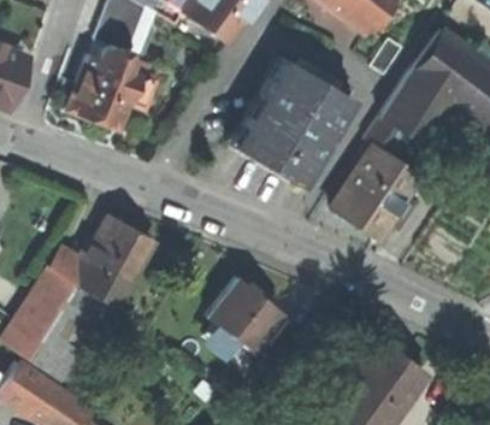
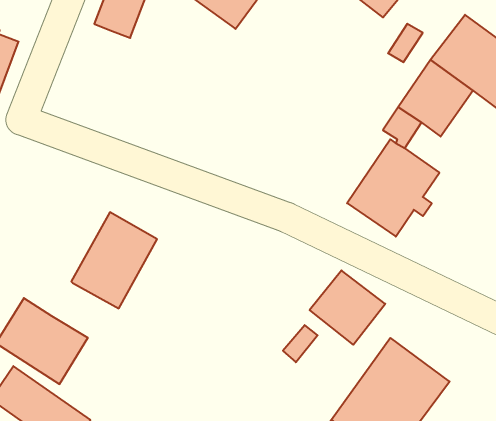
building: [69,45,154,129] -> none
building: [232,59,352,185] -> none
building: [29,265,75,313] -> none
building: [207,278,278,348] -> [310,270,385,345]

